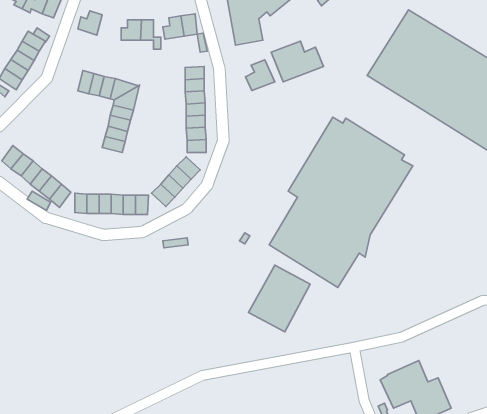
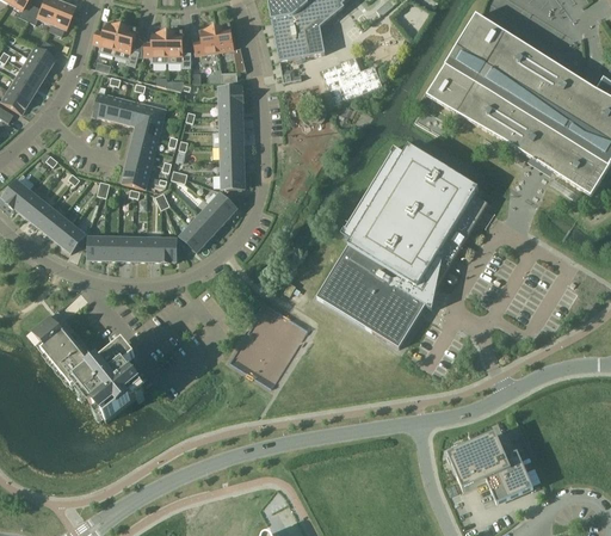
building: none -> [116,25,140,64]
building: [245,60,275,90] -> none
building: none -> [32,308,144,420]
building: [248,265,310,332] -> [234,303,307,382]

